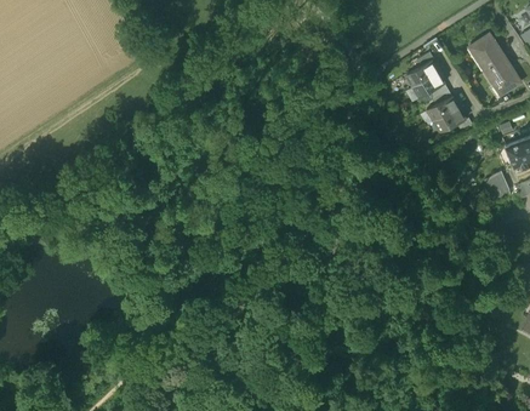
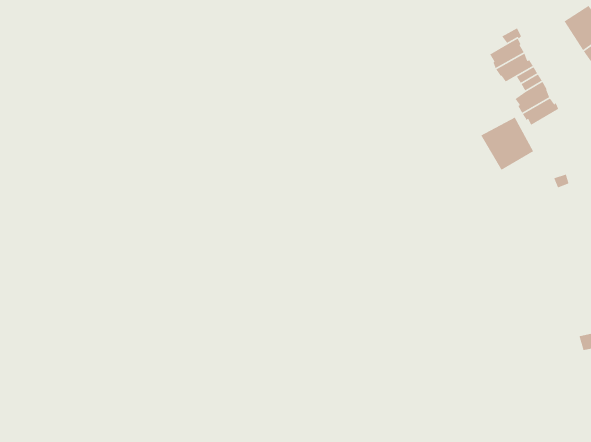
building: none -> [480,117,534,171]

